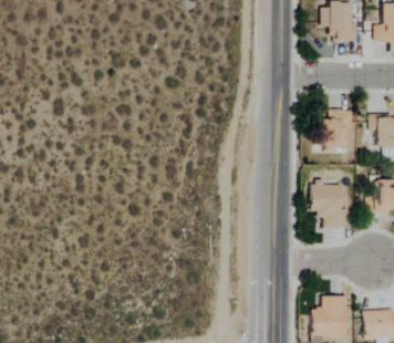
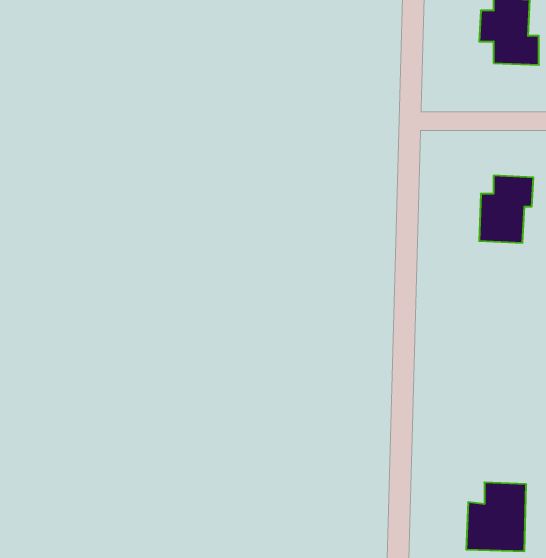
building: [311,179,349,228] -> none

